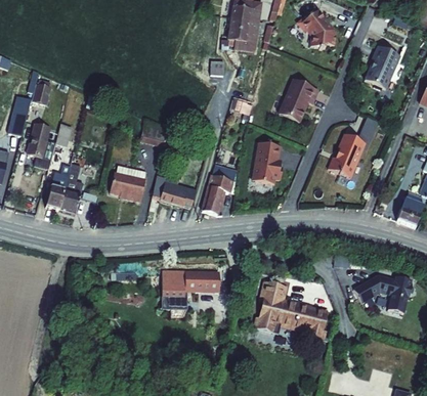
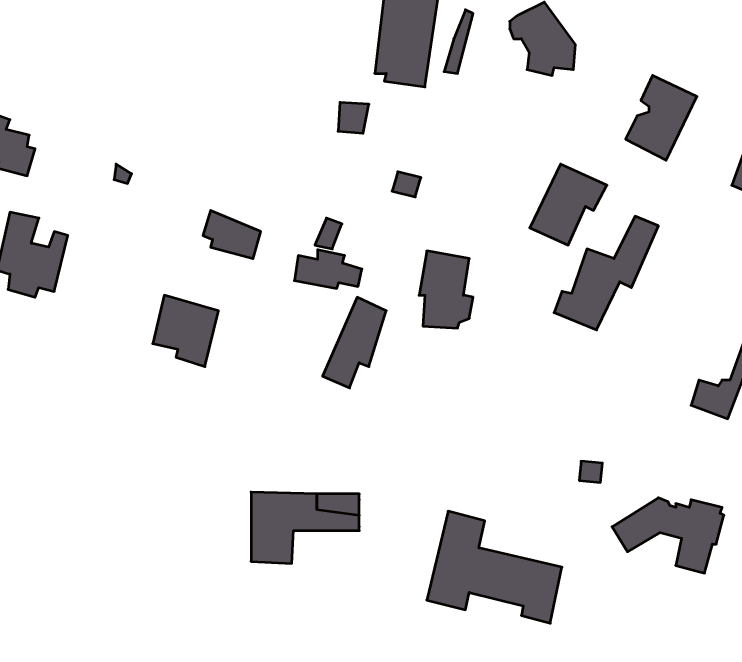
building: [276,80,317,123] -> [530,164,607,245]
building: [44,164,81,214] -> none
building: [158,182,194,203] -> [294,250,362,288]

